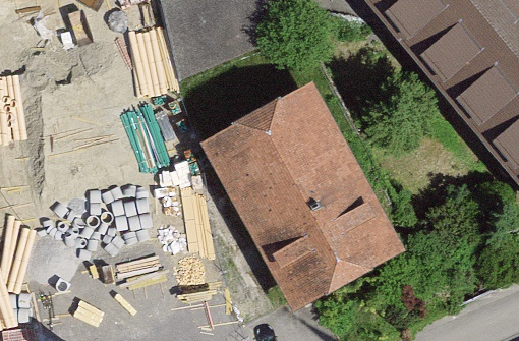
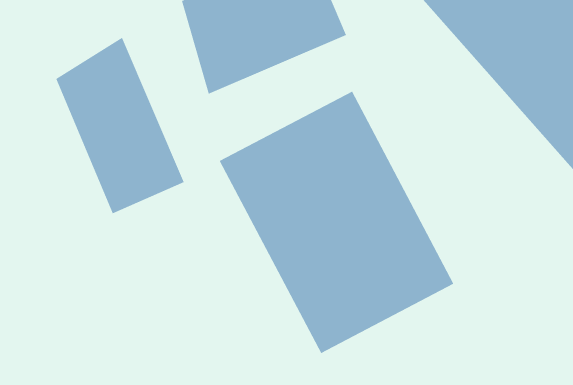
building: none -> [56,37,185,214]

